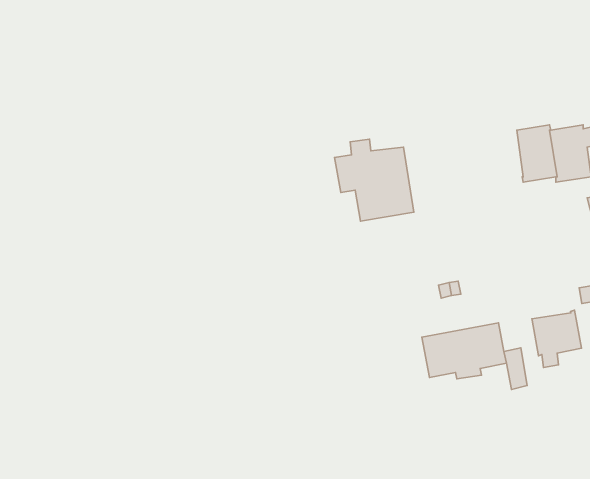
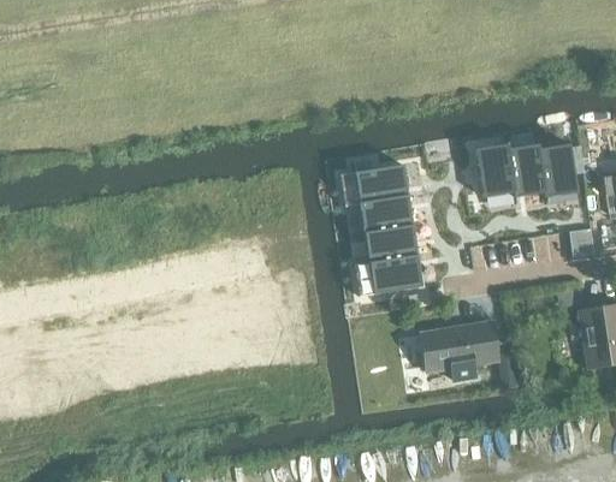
building: none -> [475,143,514,196]
building: none -> [354,224,422,296]
building: [532,310,582,368] -> none

